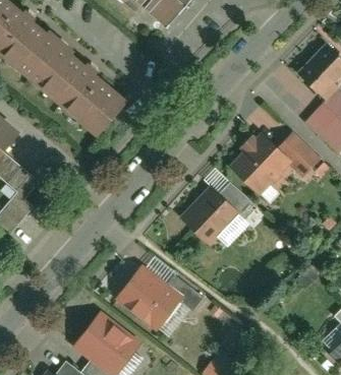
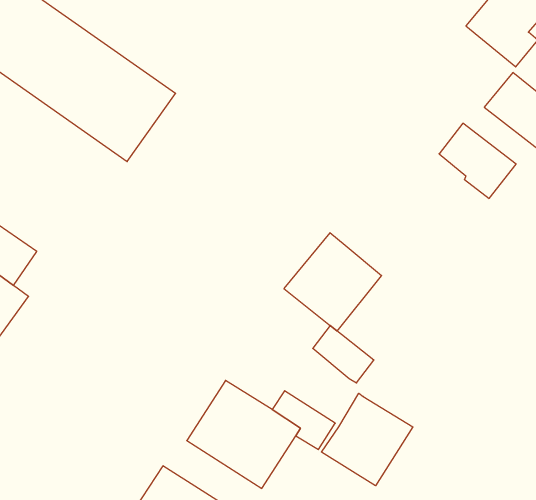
building: [231,133,290,194] -> none
building: [217,183,251,217] -> [313,325,374,383]
building: none -> [321,393,413,486]

